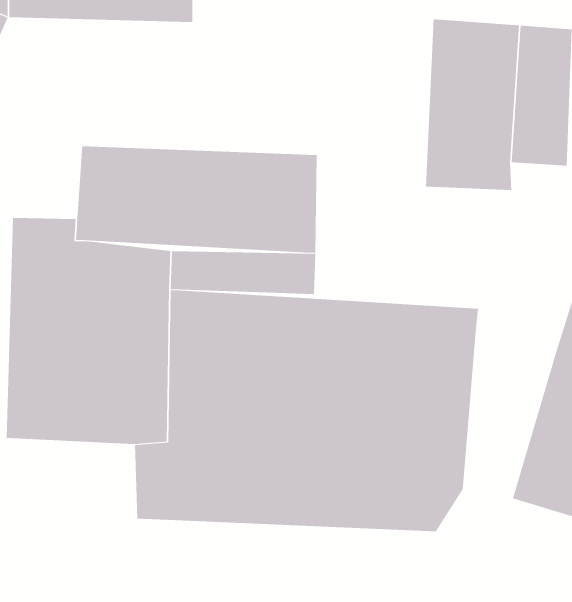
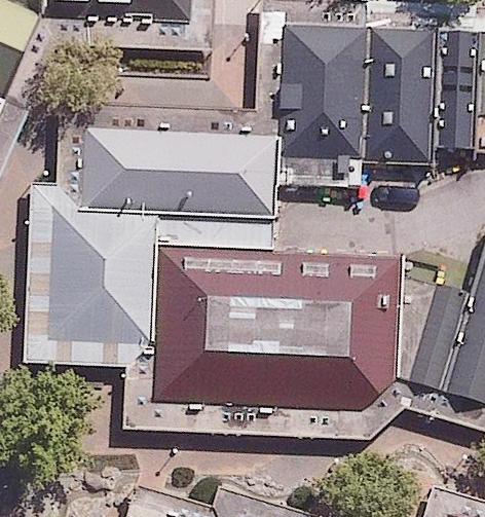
building: none -> [278,20,368,183]
building: none -> [393,274,467,408]

